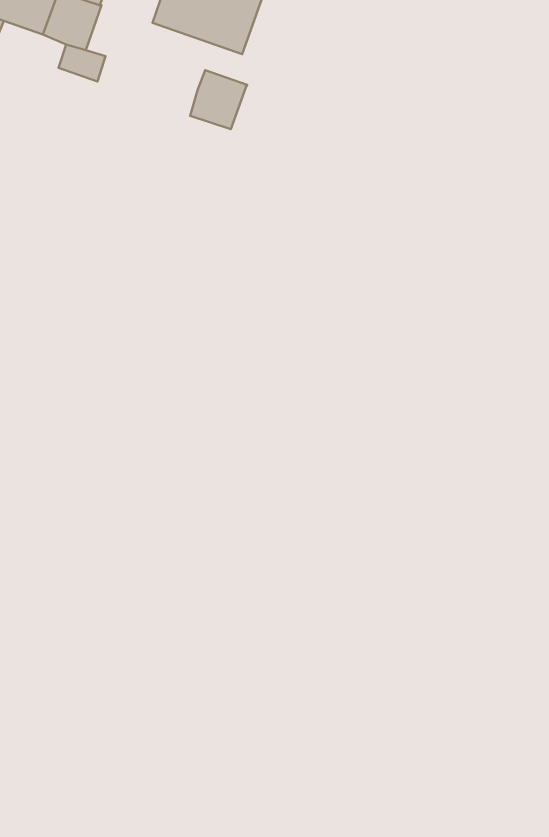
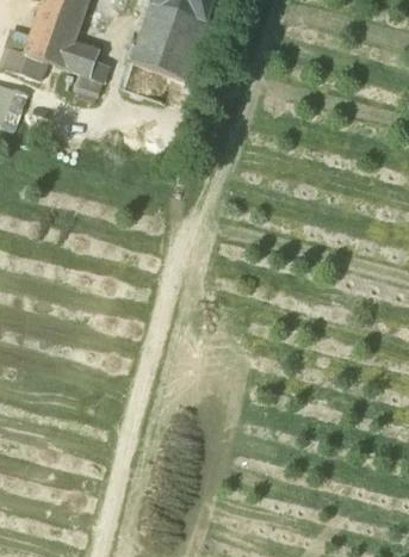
building: [190,70,247,129] -> none

